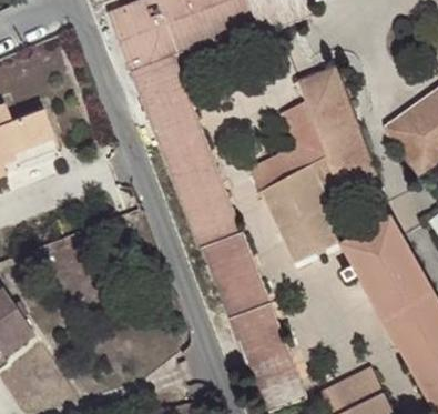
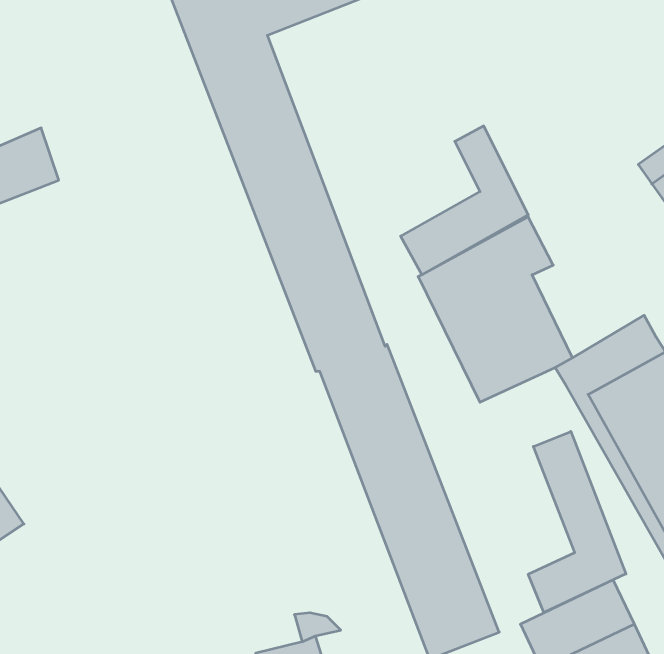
building: [288,68,380,199] -> none
building: none -> [528,431,626,612]

